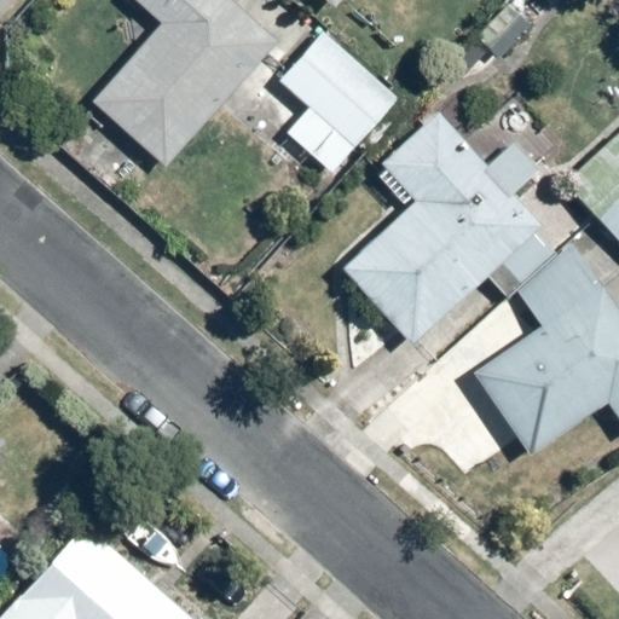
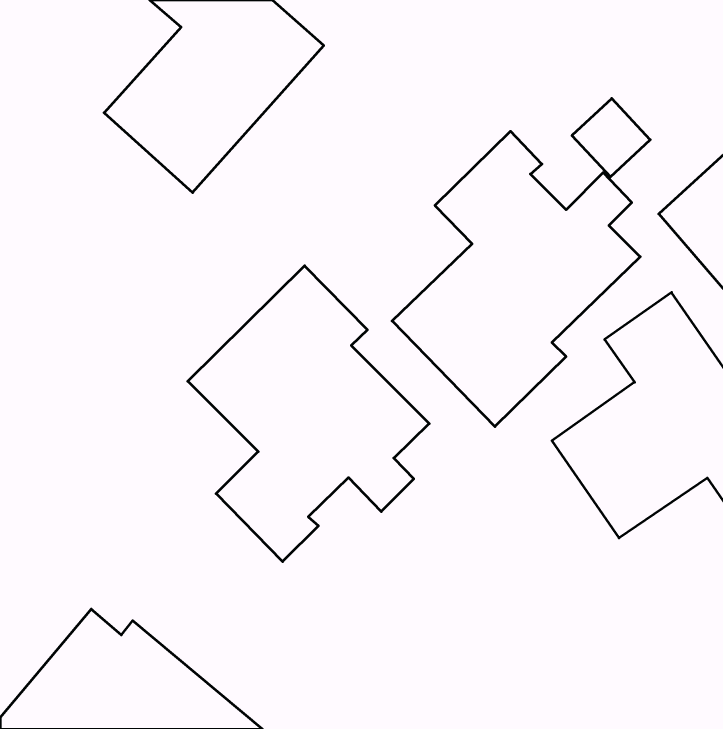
building: [282,30,399,172] -> none
building: none -> [188,266,429,562]

